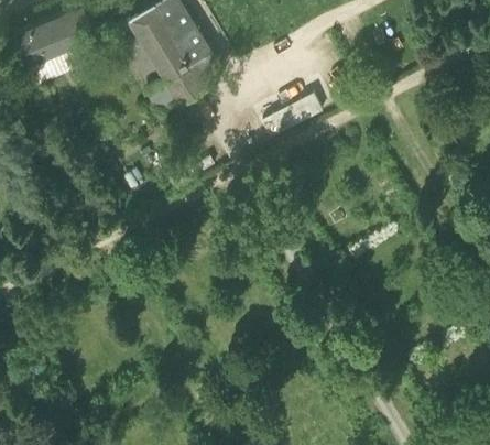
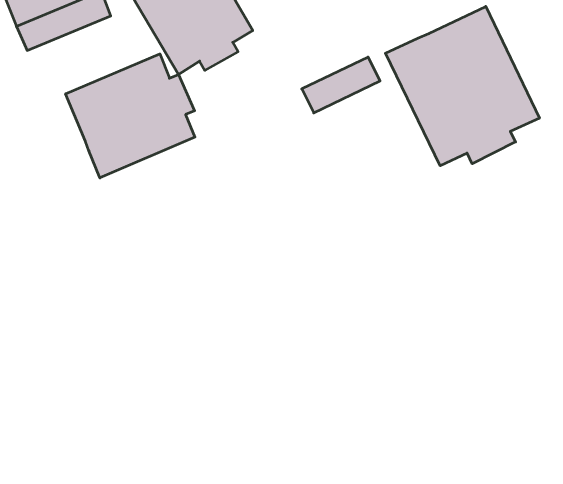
building: none -> [385,6,539,166]
building: none -> [66,54,195,178]

